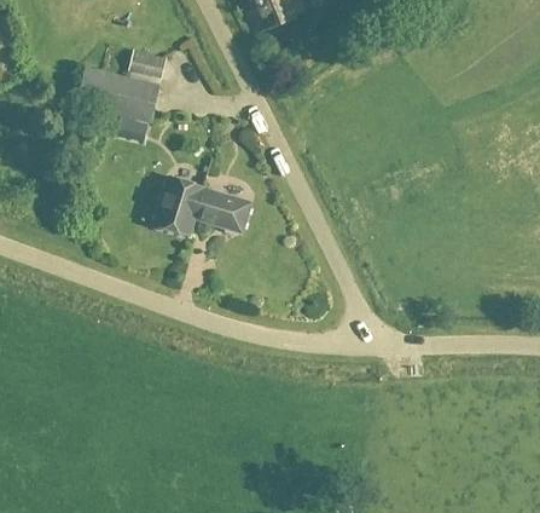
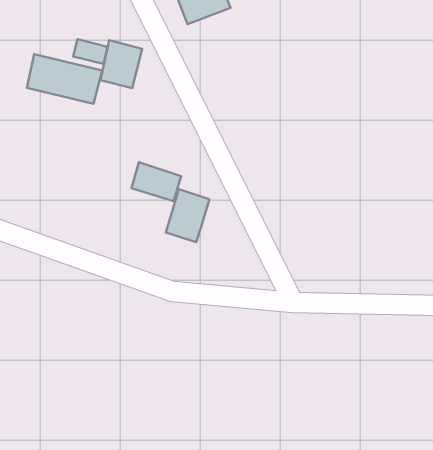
building: none -> [100,40,142,88]
building: [155,175,203,235] -> [166,189,209,242]

